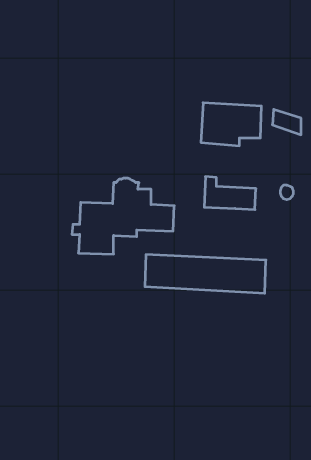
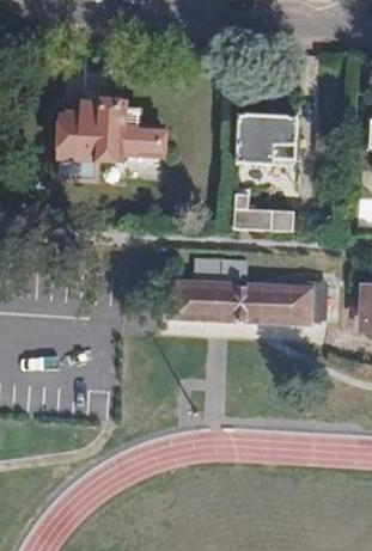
building: [72,178,174,254] -> [60,88,171,171]

